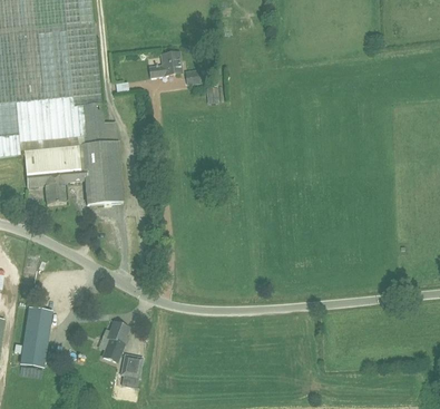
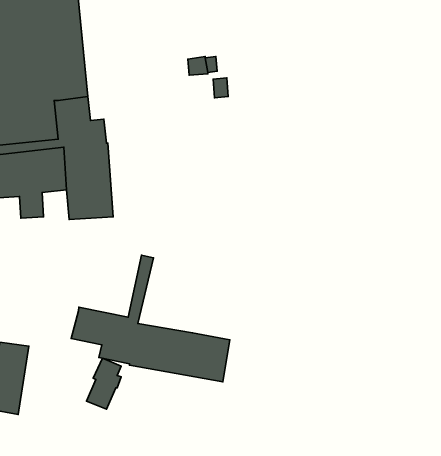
building: [149,50,182,75] -> none
building: none -> [71,255,230,382]
building: [120,352,143,387] -> none

